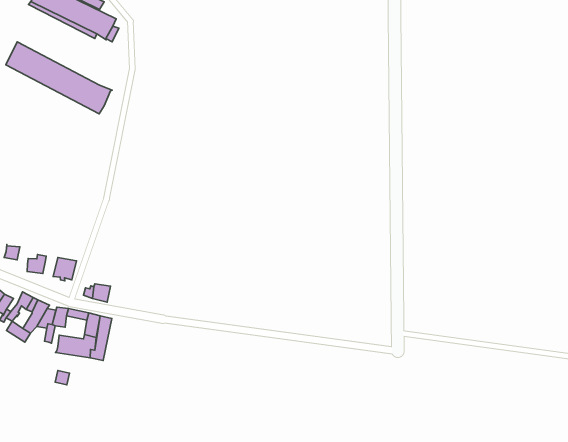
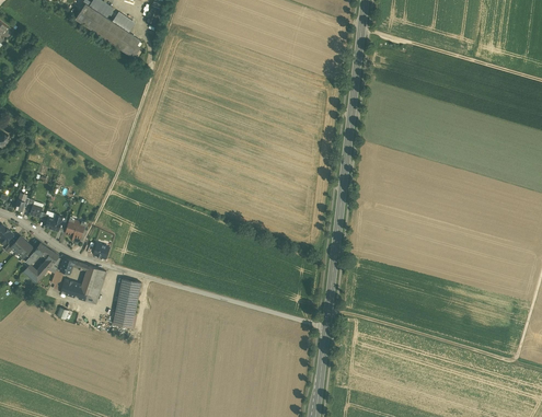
building: [6,42,112,114] -> none
building: none -> [113,278,141,326]

